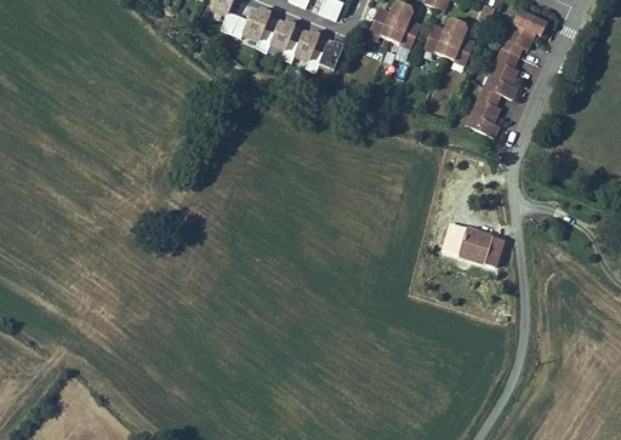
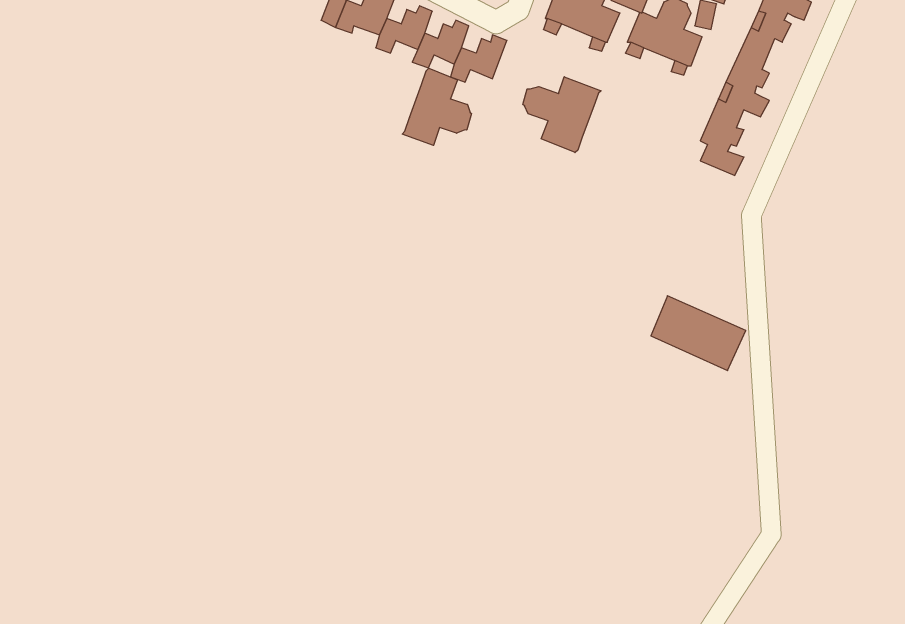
building: none -> [402,68,471,145]
building: none -> [523,77,601,153]

